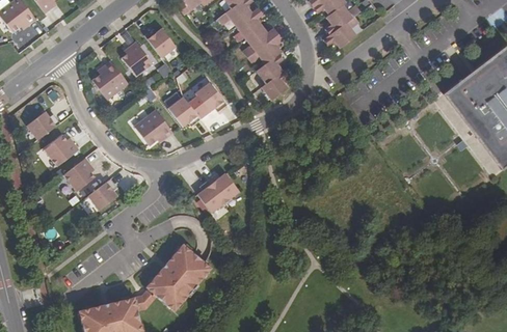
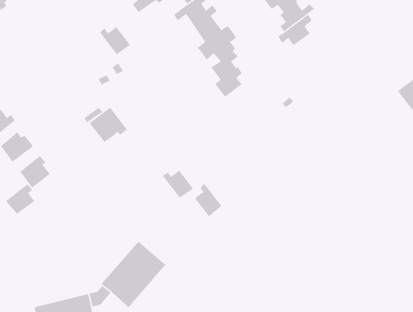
building: [121,42,152,76] -> none
building: [91,60,128,100] -> none
building: [194,82,225,111] -> none
building: [168,96,199,126] -> none
building: [87,178,117,210] -> [5,184,35,215]
building: [196,178,224,213] -> [194,183,222,217]

